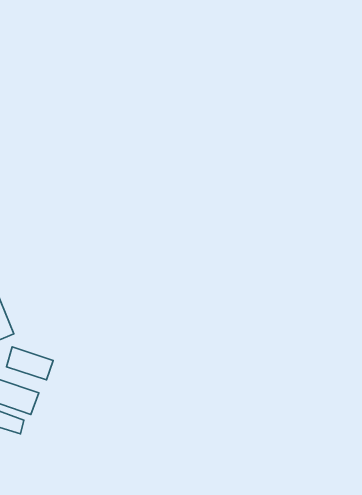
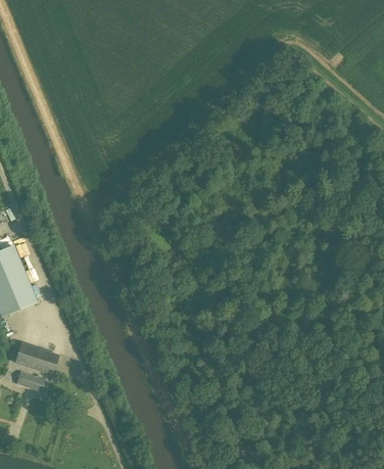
building: [6,347,53,380] -> none

